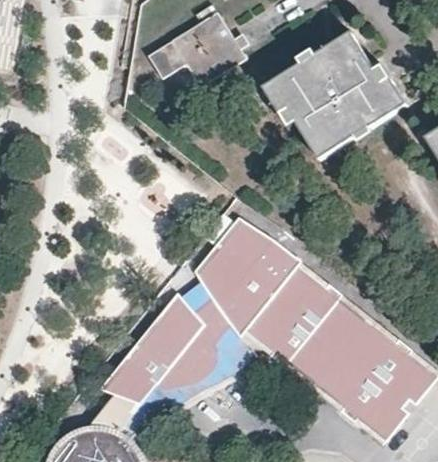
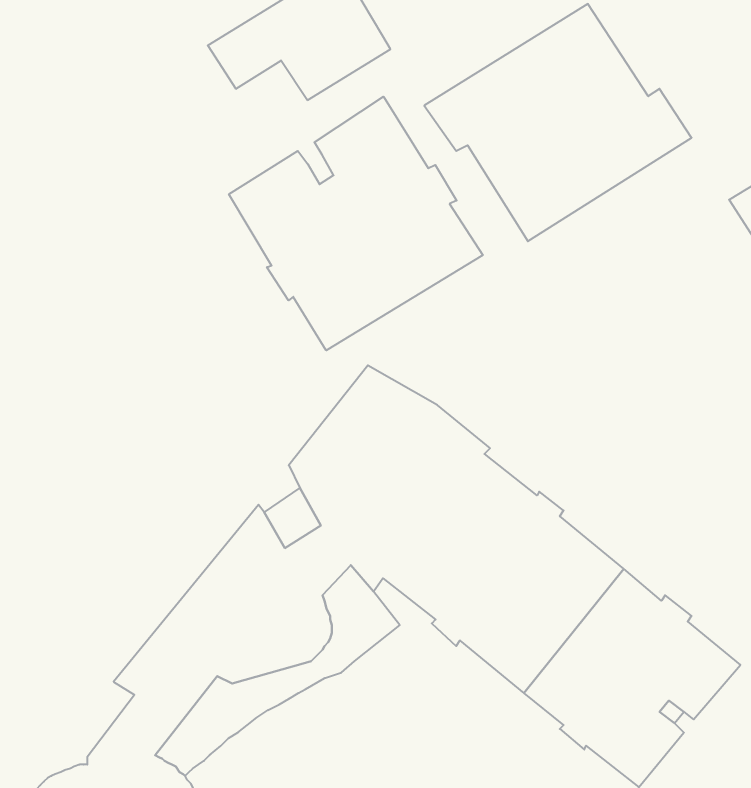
building: none -> [229,97,483,350]

